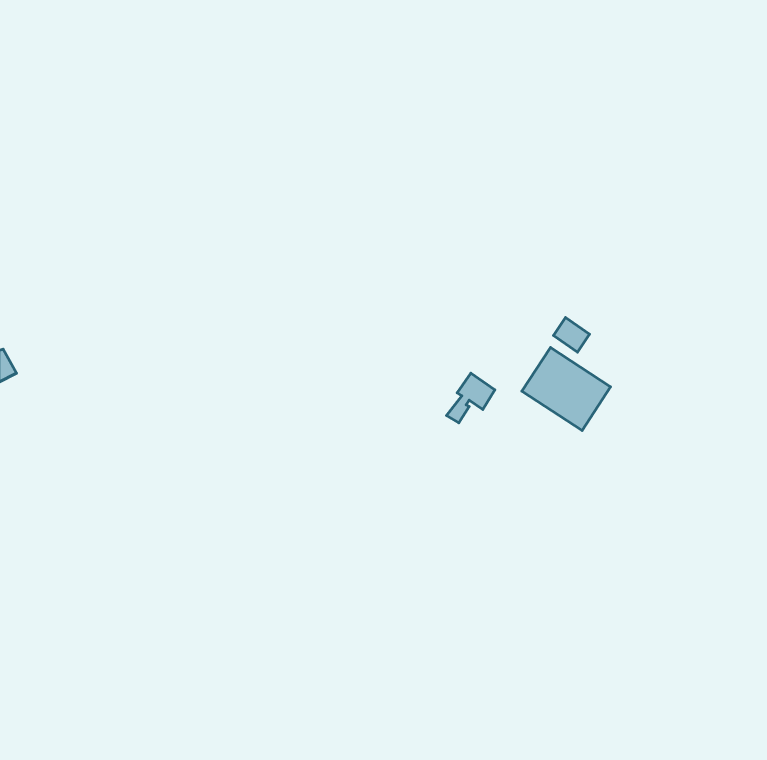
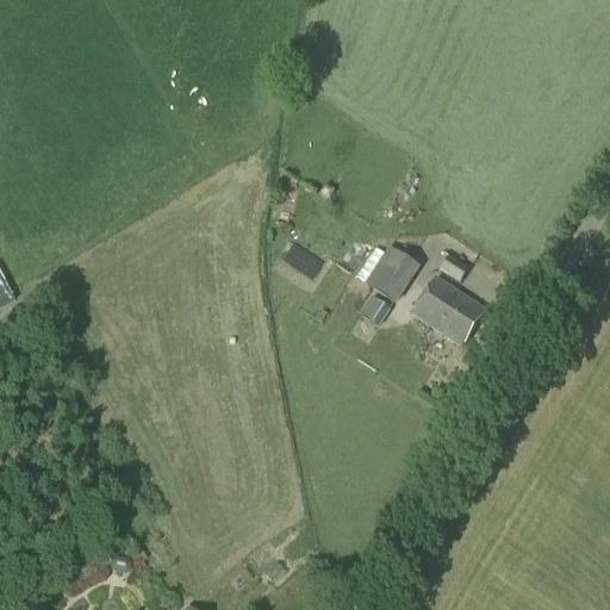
building: none -> [363,244,419,300]

